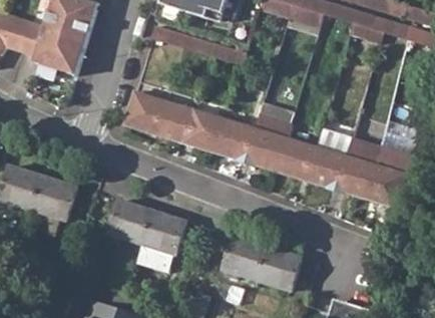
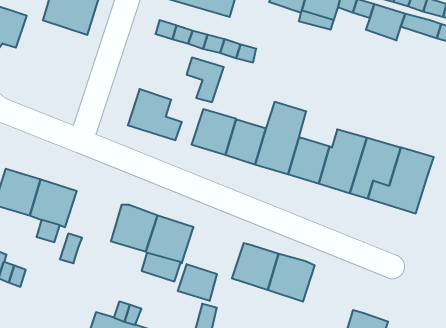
building: [19,21,86,75] -> none
building: [160,100,195,142] -> [187,57,224,102]
building: none -> [178,264,217,301]

